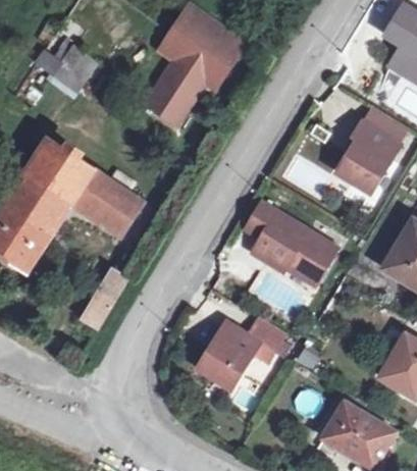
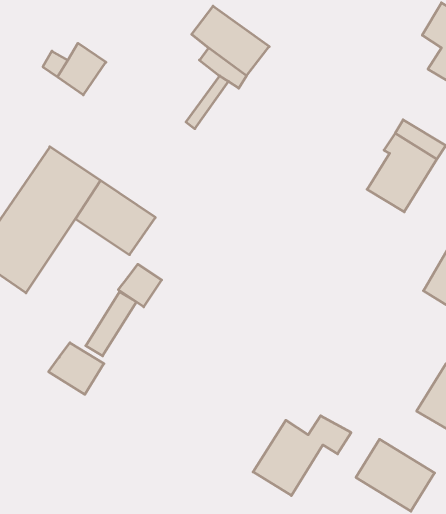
building: [152,58,201,114] -> none
building: [244,205,334,287] -> none
building: none -> [118,264,162,307]
building: none -> [49,343,104,394]
building: [195,321,283,394] -> [253,416,351,496]

